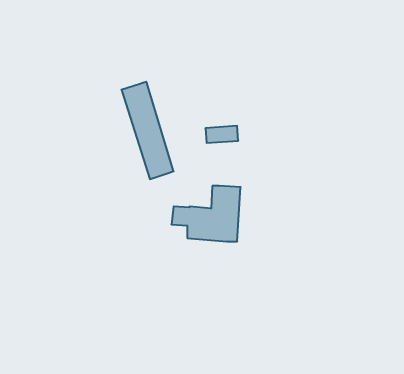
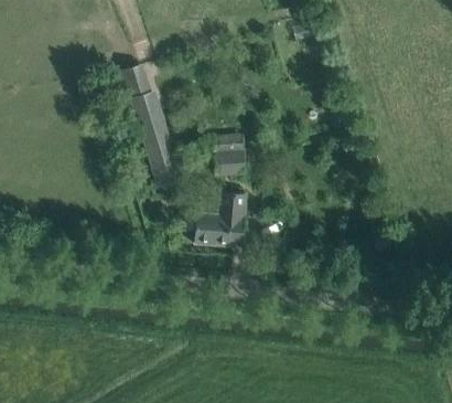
building: none -> [121,64,152,99]
building: none -> [214,148,247,177]

